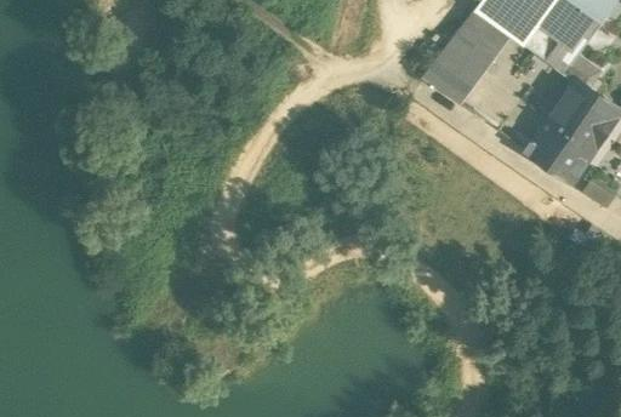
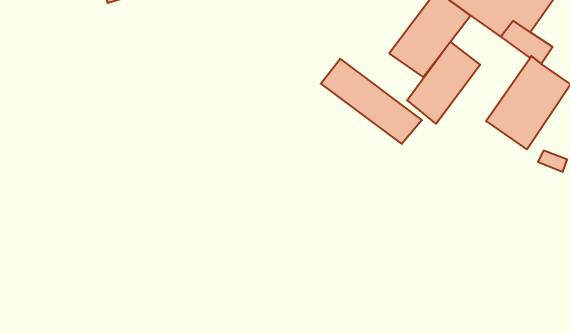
building: none -> [407,42,480,124]
building: none -> [321,59,422,144]

